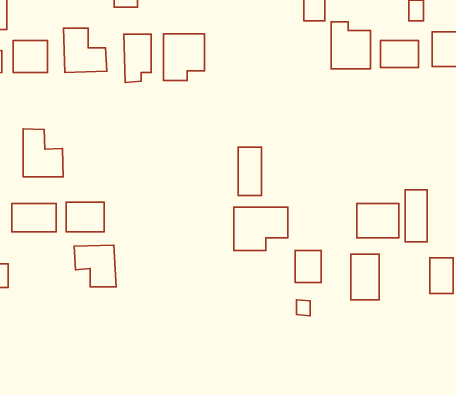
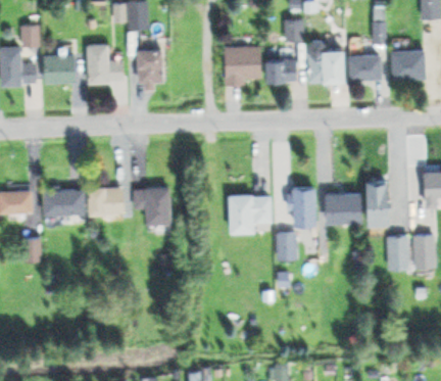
building: [164,34,204,81] -> [224,48,257,87]
building: none -> [265,60,294,83]
building: [23,129,63,177] -> none
building: [238,147,261,196] -> none
building: [74,245,116,287] -> [133,189,167,224]
building: [351,254,379,300] -> [296,185,320,223]

